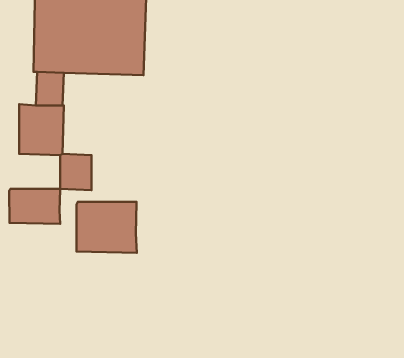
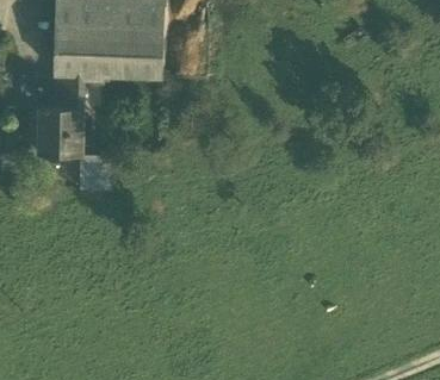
building: [9,189,60,224] -> none
building: [76,202,137,253] -> none

